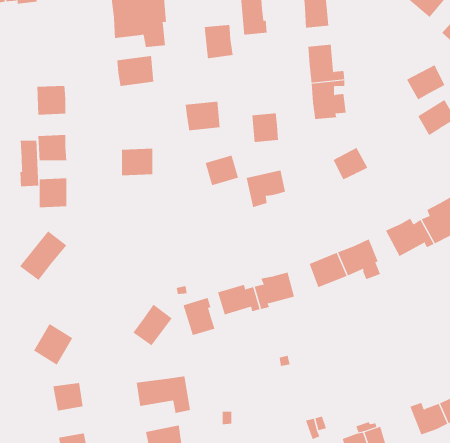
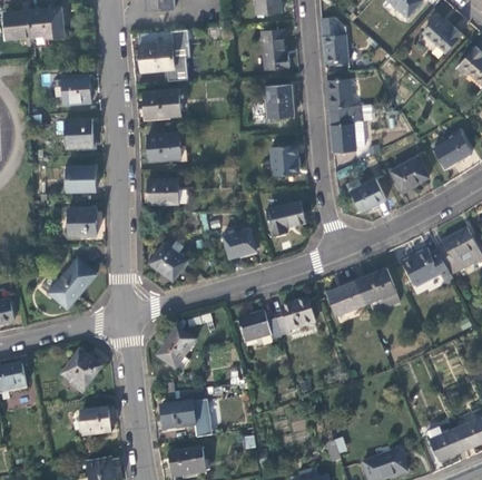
building: [204,24,234,59] -> [265,85,294,118]
building: none -> [62,75,91,105]
building: [406,65,445,100] -> [391,156,429,190]
building: [185,101,220,131] -> [145,133,179,161]
building: [20,140,39,187] -> none
building: [205,155,239,186] -> [223,227,256,257]
building: none -> [148,243,187,281]
building: [183,297,215,336] -> none

